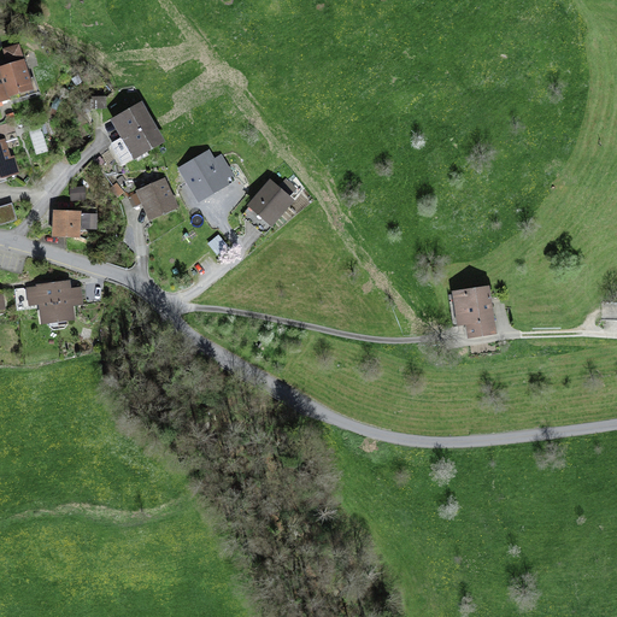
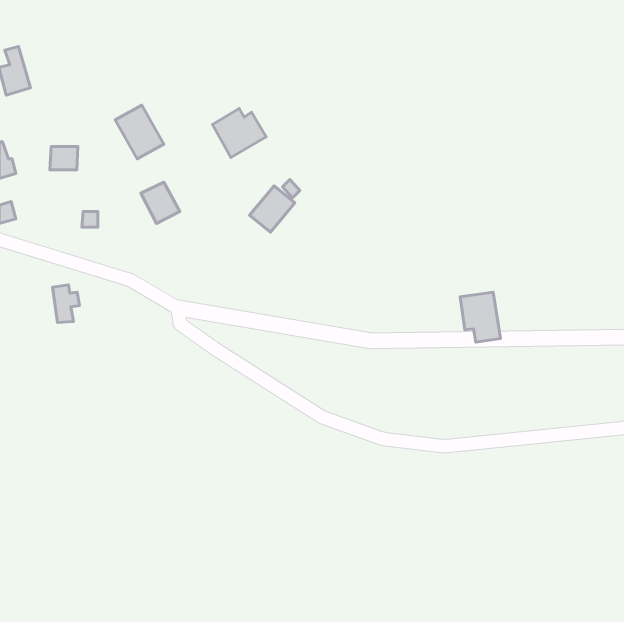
building: [180,152,233,200] -> [212,109,266,158]
building: [52,212,80,235] -> [50,147,78,170]
building: [29,283,57,321] -> none

